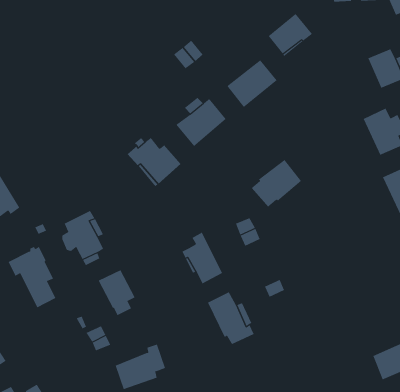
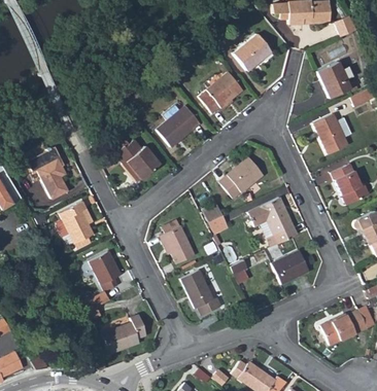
building: none -> [247,198,297,248]
building: [8,246,56,308] -> [27,147,68,200]
building: none -> [272,251,308,285]

